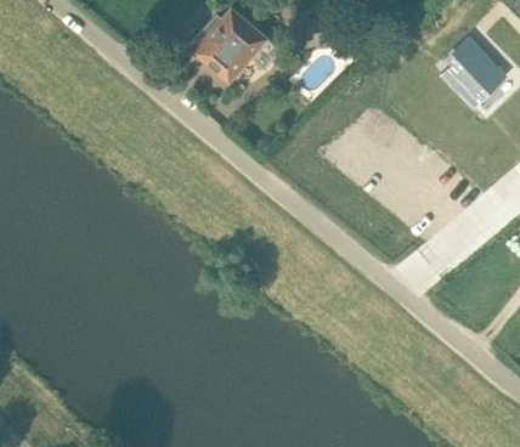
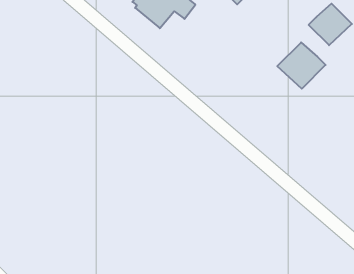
building: none -> [277,42,326,89]

